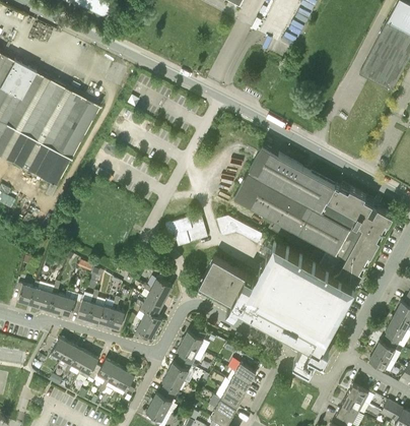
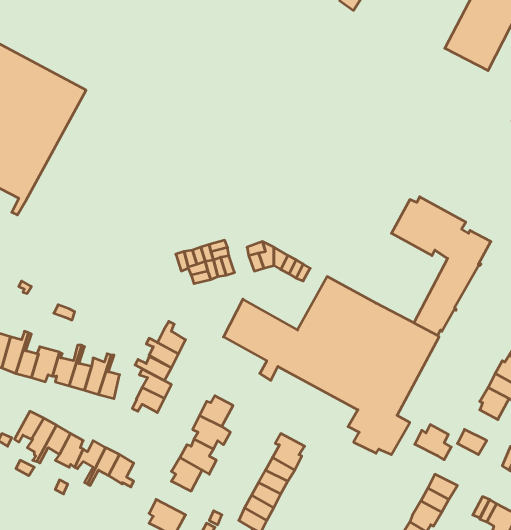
building: [234,145,362,275] -> none
building: [374,338,401,363] -> [415,425,451,460]
building: [151,389,178,415] -> none

